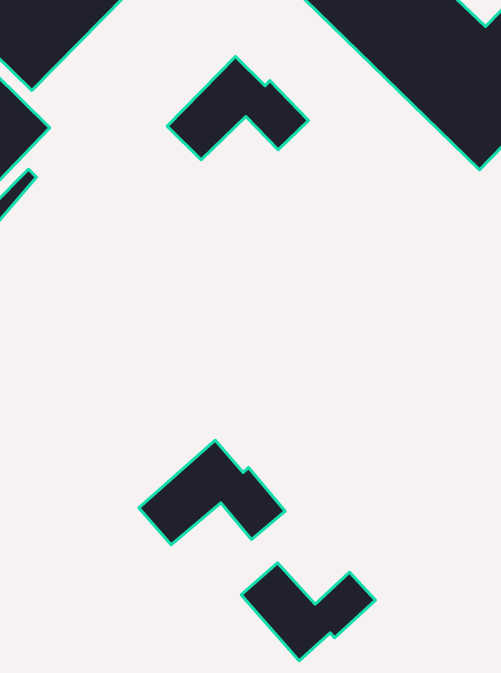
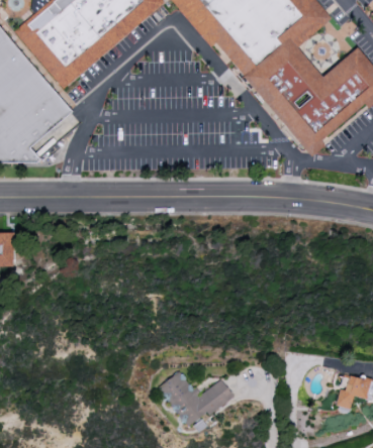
building: [167,56,308,160] -> none
building: [139,440,285,545] -> none

